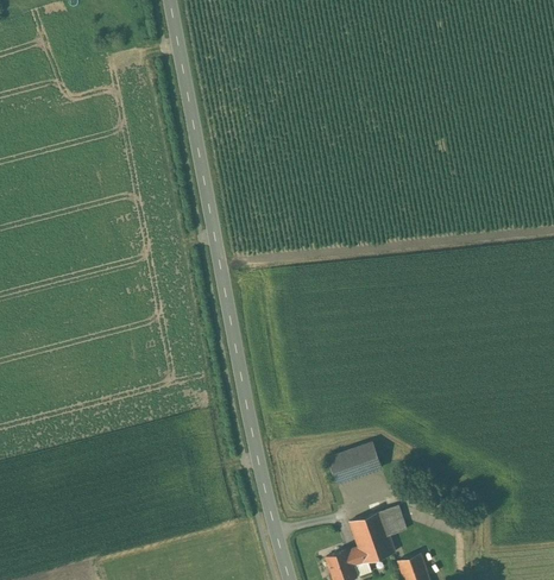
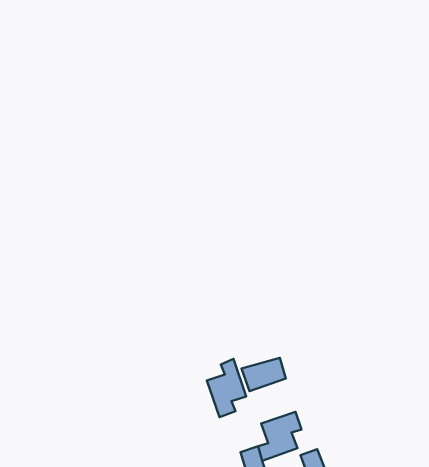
building: none -> [207,359,246,417]

